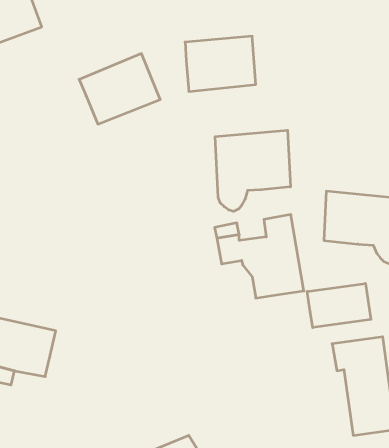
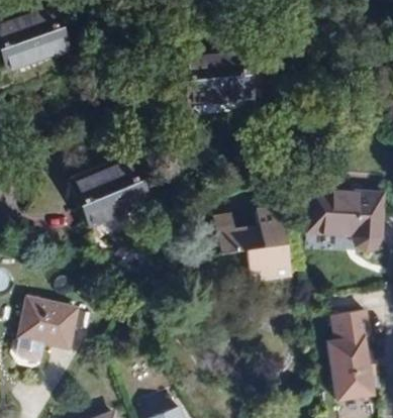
building: [79,54,160,124] -> [77,163,146,223]
building: [215,130,290,211] -> none
building: [307,283,371,328] -> none

